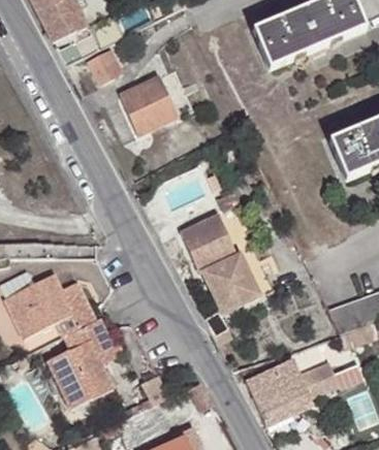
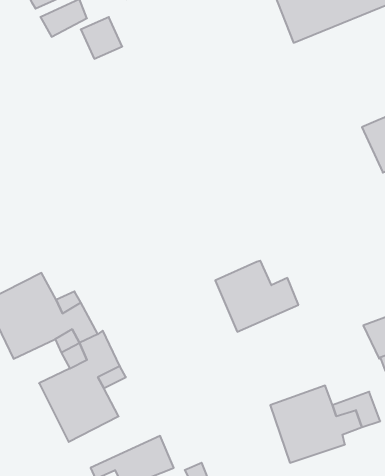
building: [118,76,175,134] -> none
building: [180,214,235,270] -> none

